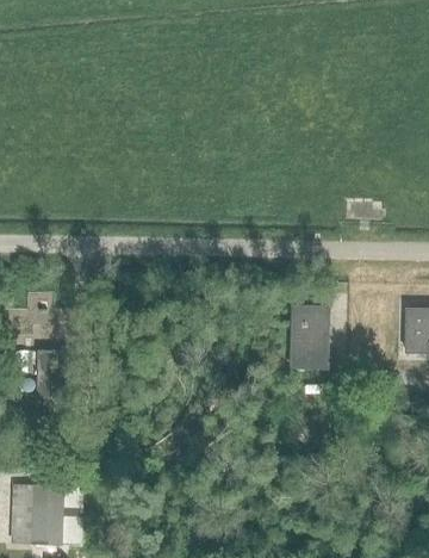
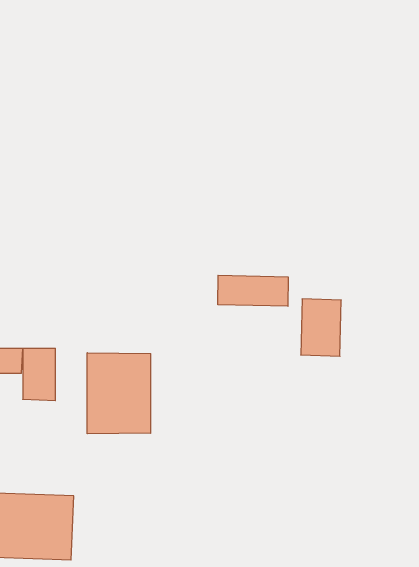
building: none -> [218,275,288,306]
building: none -> [87,353,151,434]

